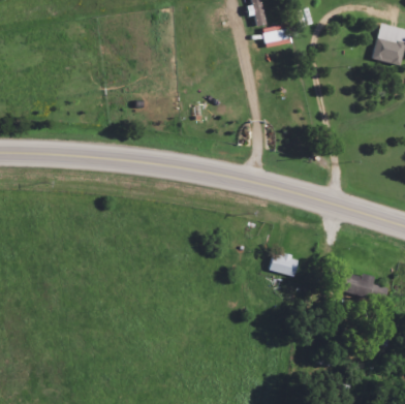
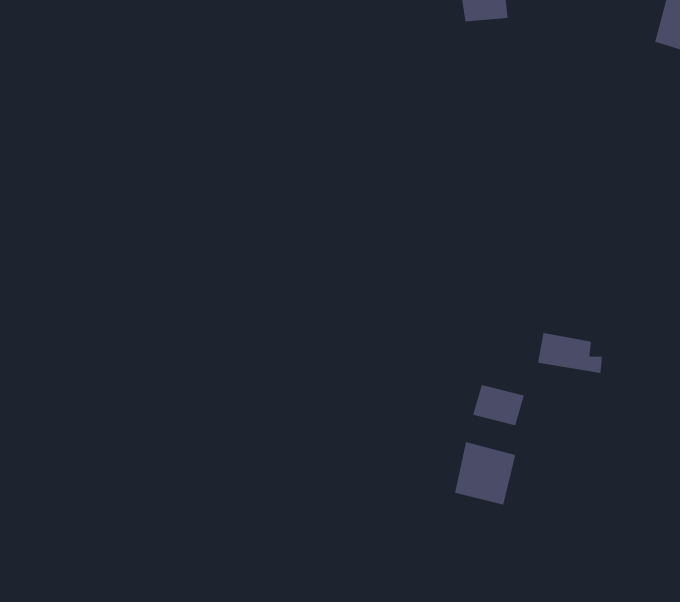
building: [344,272,381,296] -> [537,332,603,374]
building: none -> [454,441,516,505]

